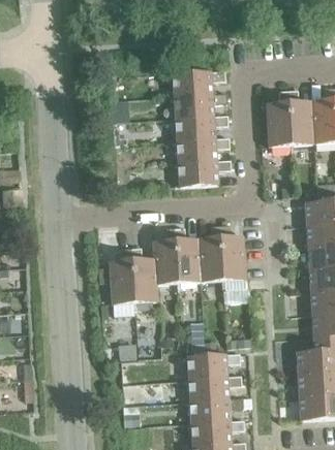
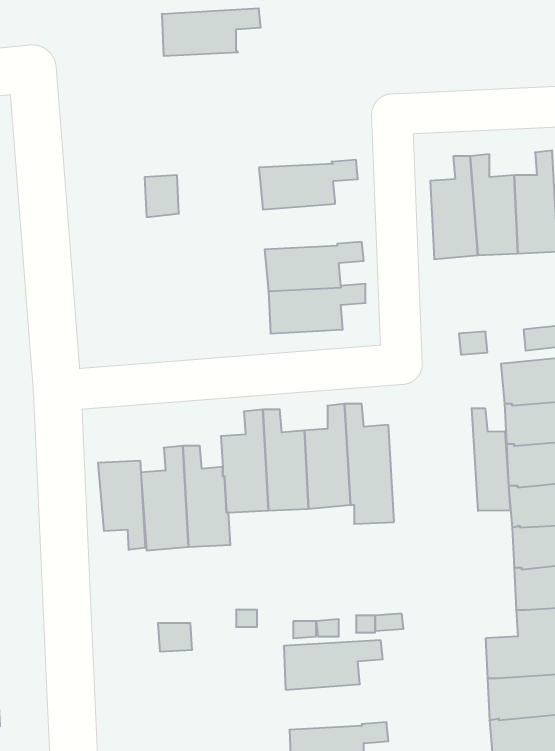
building: [171,71,224,97] -> [162,8,261,56]
building: [174,116,226,141] -> none
building: none -> [472,408,510,511]
building: none -> [98,461,145,550]
building: [186,376,240,401] -> none

